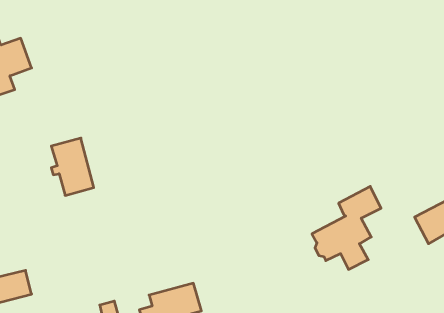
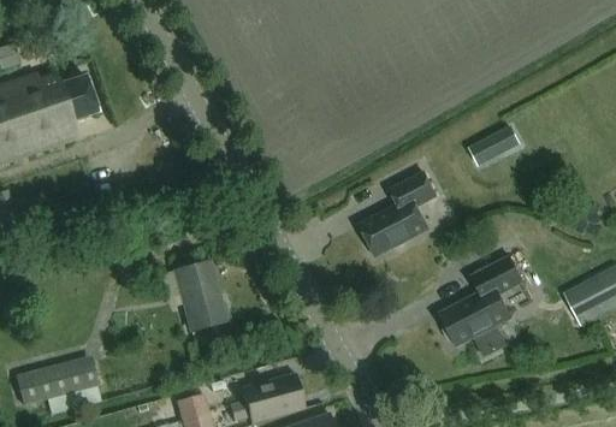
building: none -> [469,126,520,166]
building: none -> [360,172,437,256]
building: [51,138,94,195] -> [174,260,226,330]

